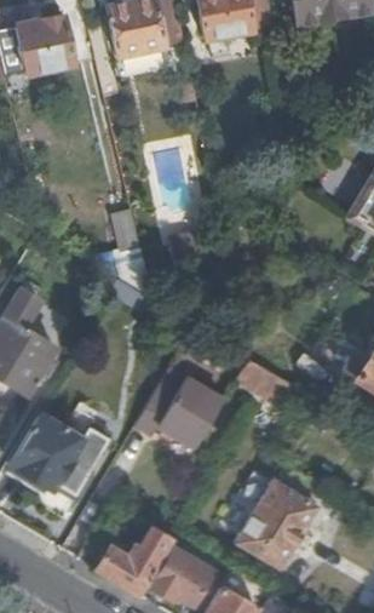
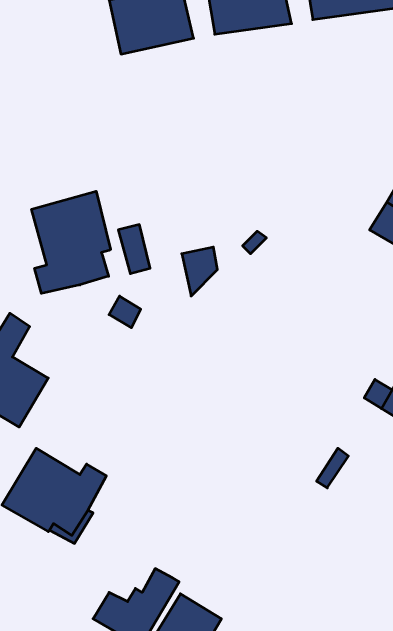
building: [16,13,75,74] -> none
building: none -> [32,191,111,293]
building: [237,360,297,408] -> none
building: [134,369,223,451] -> none
building: [236,480,317,569] -> none

